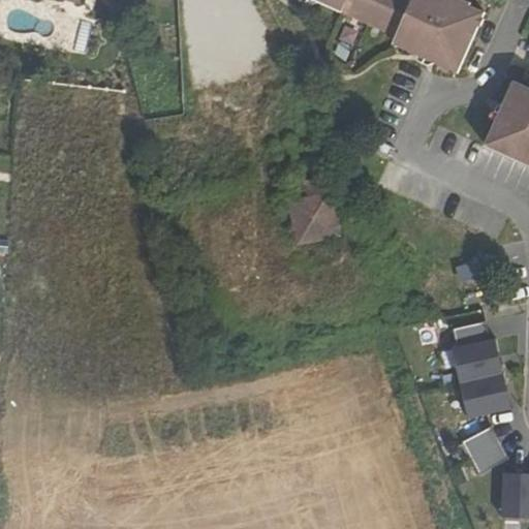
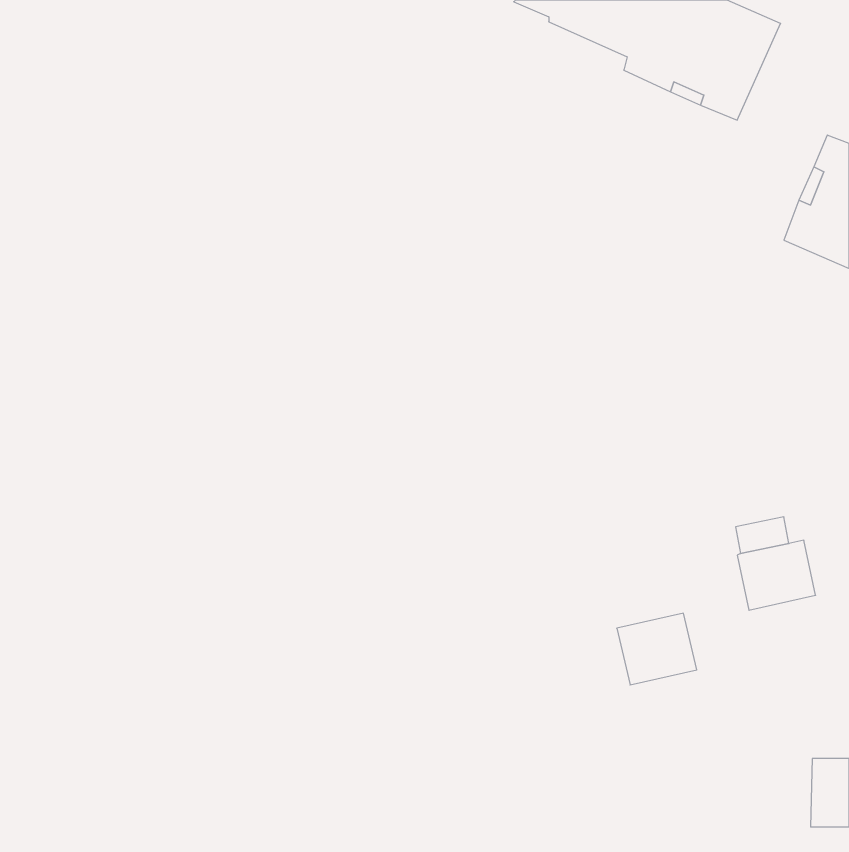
building: [288,178,337,243] -> none
building: [464,369,514,413] -> [617,613,697,685]
building: [464,426,508,471] -> none

